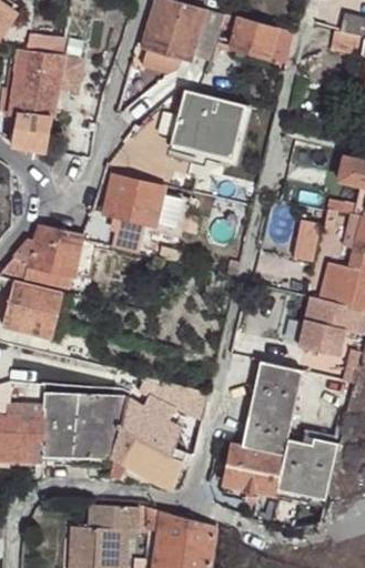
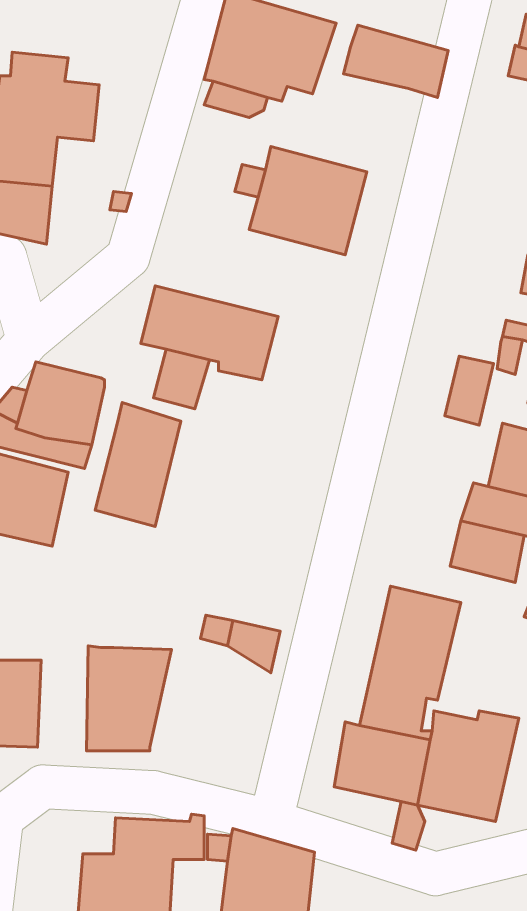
building: none -> [95,403,181,526]
building: [42,396,73,463] -> none
building: [111,400,182,490] -> none

